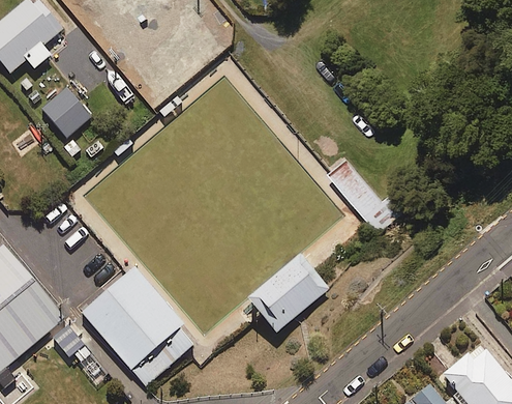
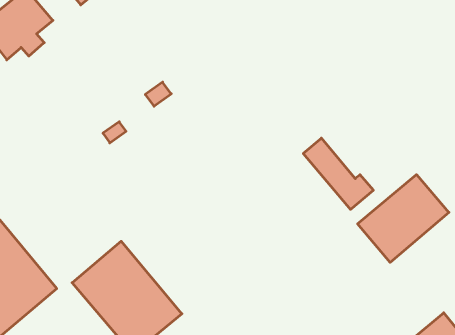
building: [42,89,90,138] -> none
building: none -> [358,175,449,262]
building: [244,252,327,333] -> none

